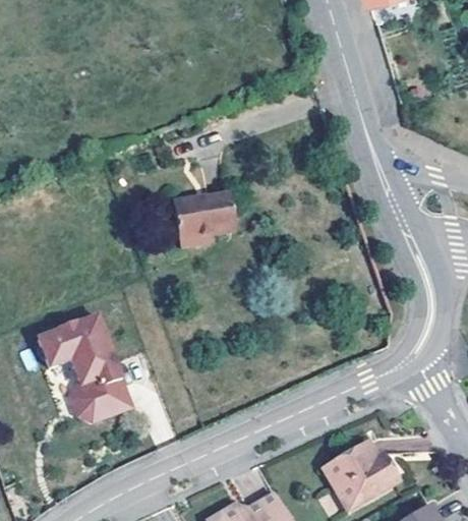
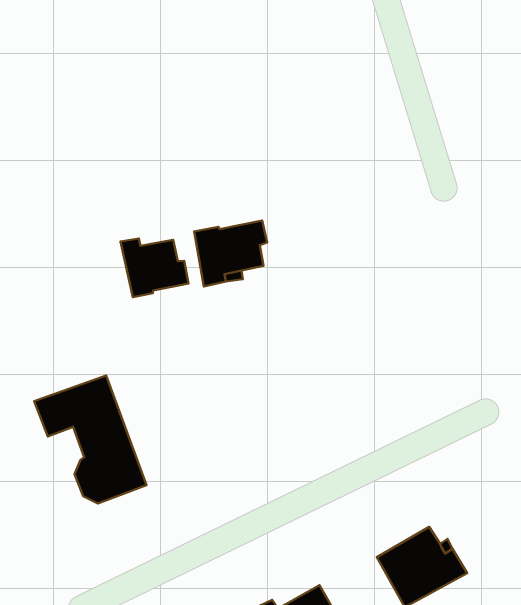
building: none -> [121,238,188,297]

